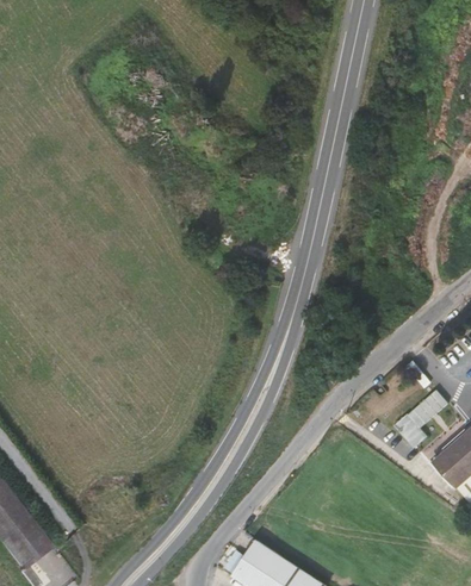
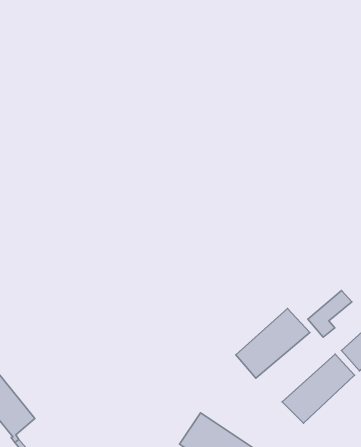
building: none -> [236,309,310,378]
building: none -> [282,354,355,423]

